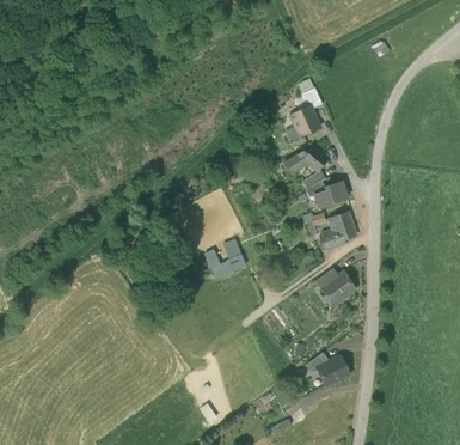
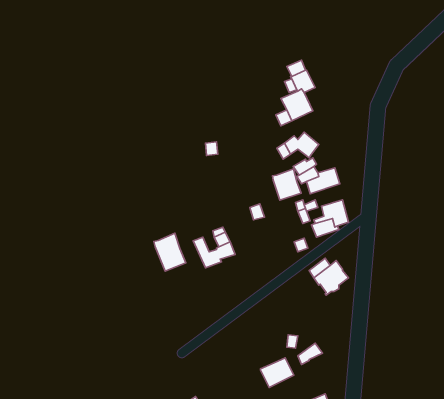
building: none -> [272,169,301,200]
building: none -> [154,233,186,271]
building: [317,356,349,385] -> [261,358,294,388]

